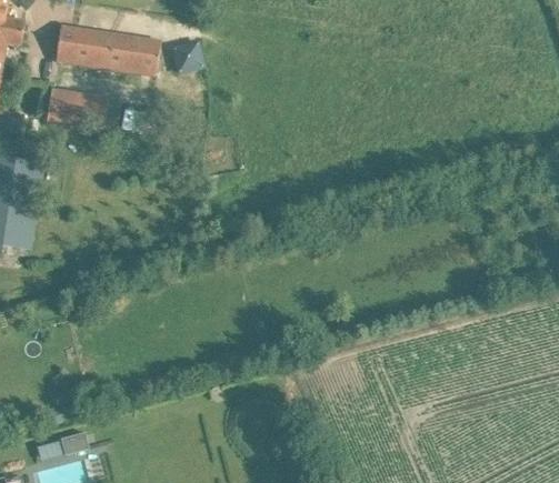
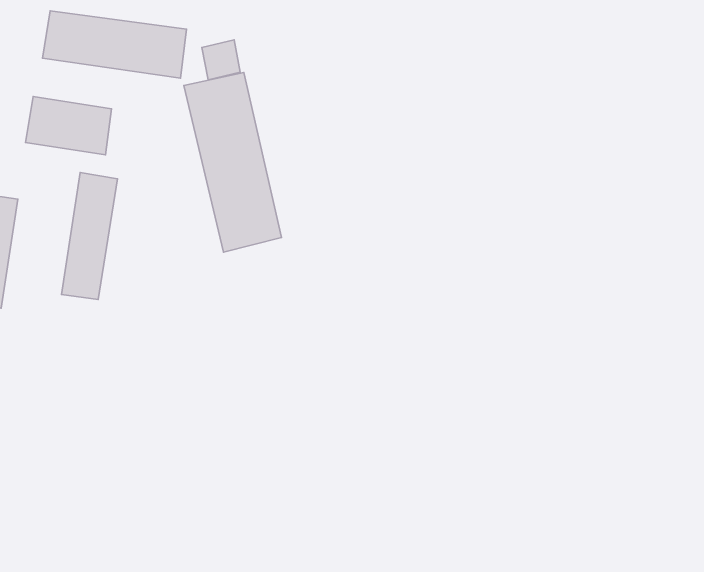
building: none -> [184,73,281,252]
building: none -> [61,172,118,299]

